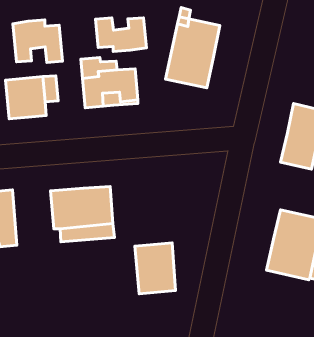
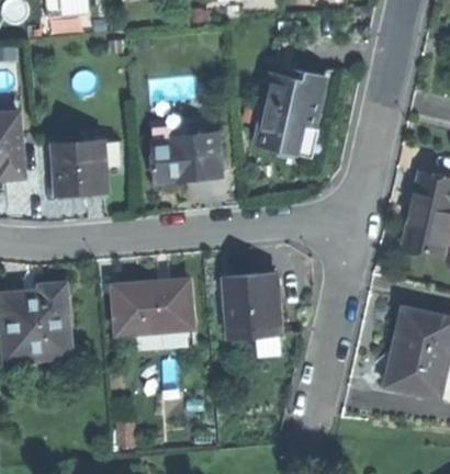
building: [96,18,146,52] -> none
building: [13,20,63,63] -> none
building: [135,243,176,294] -> [226,273,278,338]

